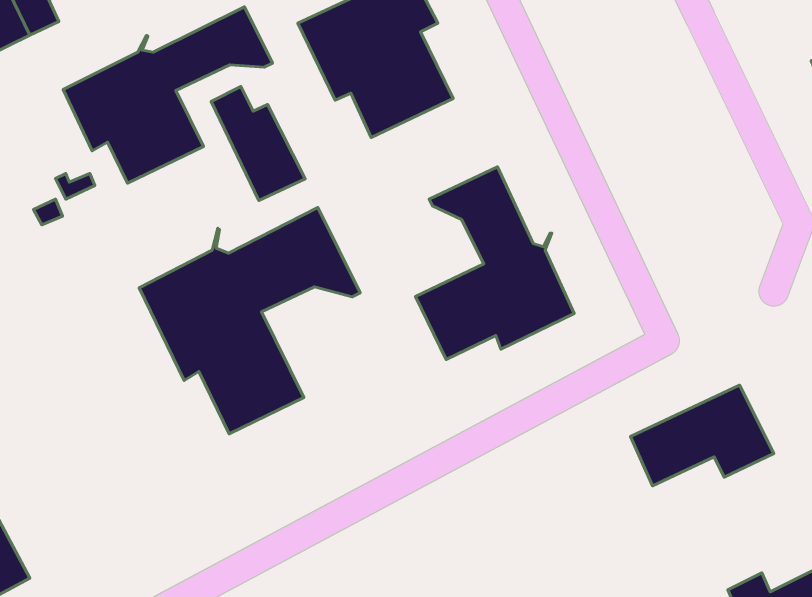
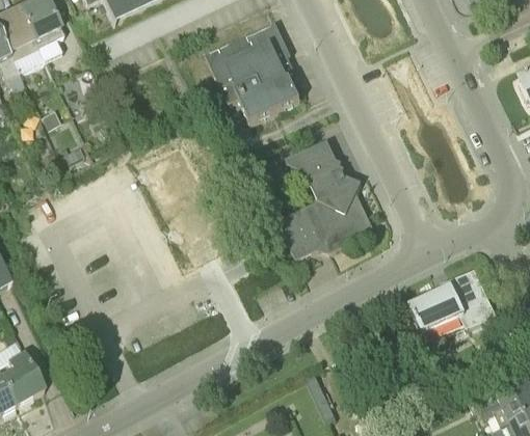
building: [63,7,272,183] -> none
building: [211,87,305,201] -> none
building: [139,208,360,434] -> none

